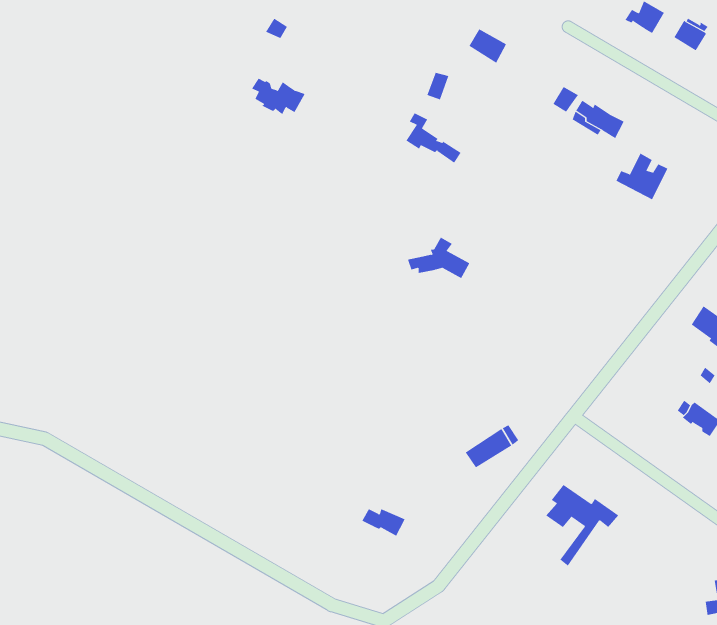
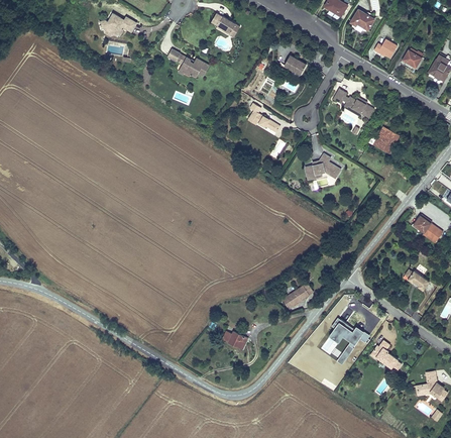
building: [251,78,305,115] -> [178,56,209,77]
building: [407,237,470,279] -> [304,153,340,178]
building: none -> [371,340,402,370]

